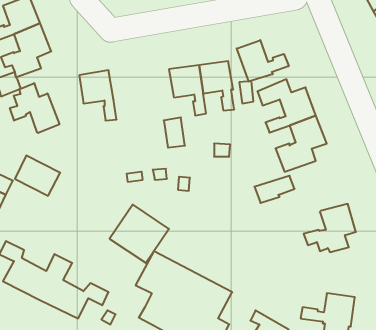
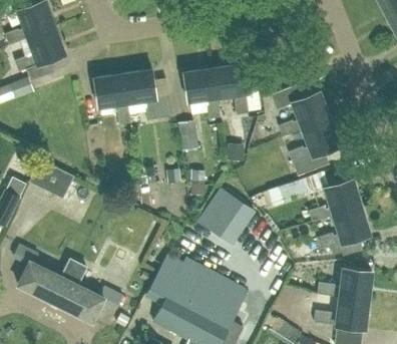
building: [237,40,289,82] -> none
building: none -> [122,69,170,119]
building: [10,83,59,133] -> none
building: none -> [309,178,361,221]
building: [110,205,169,263] -> [196,187,256,245]
building: none -> [318,267,372,300]

